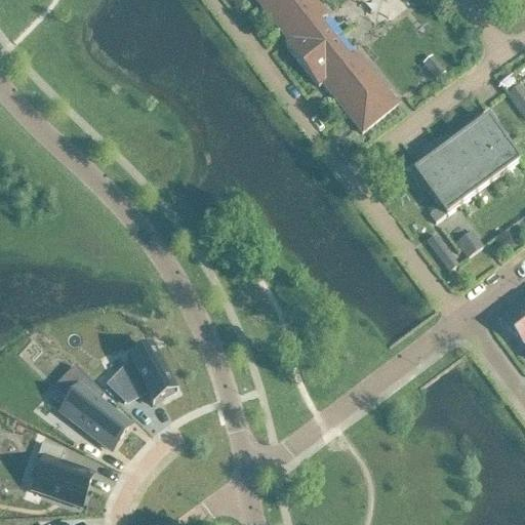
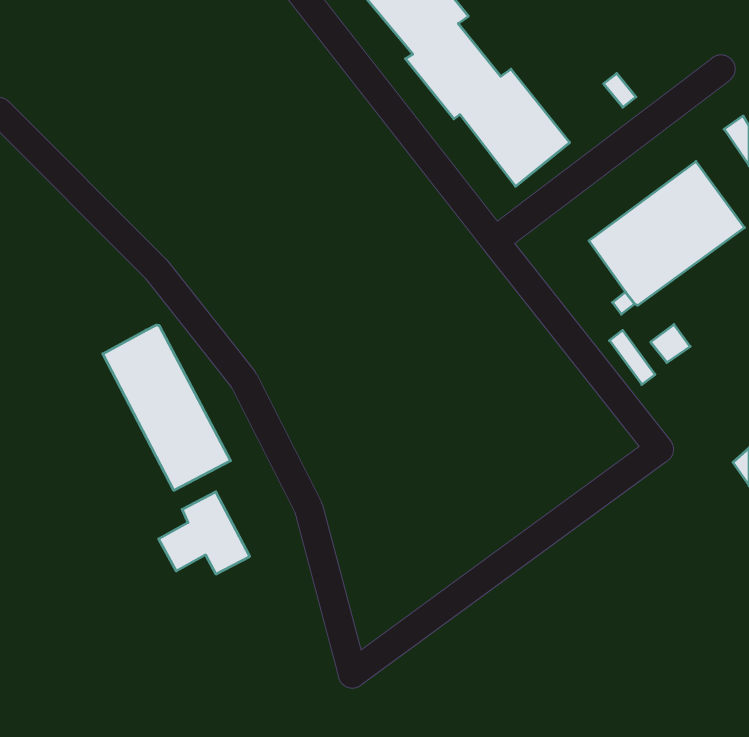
building: none -> [103,325,231,490]
building: [55,362,127,446] -> none
building: [32,439,91,503] -> none

